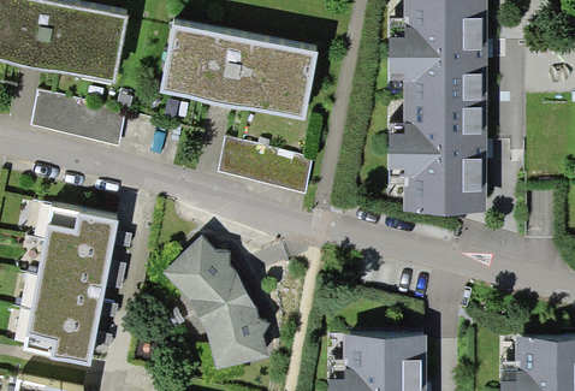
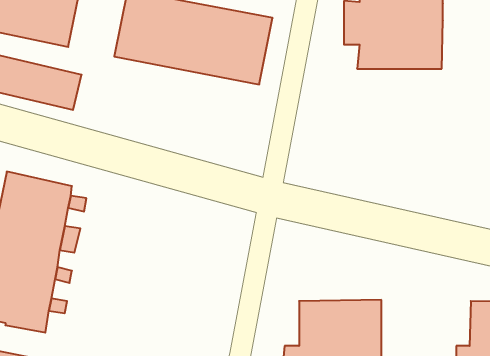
building: [385,103,485,213] -> none
building: [218,136,312,190] -> none
building: [161,236,269,368] -> none

